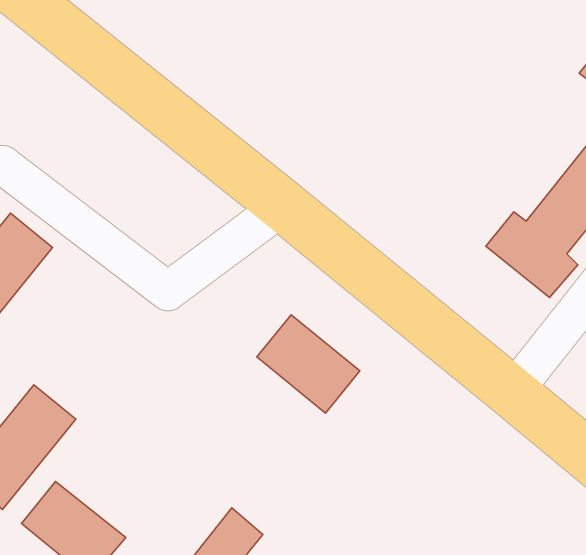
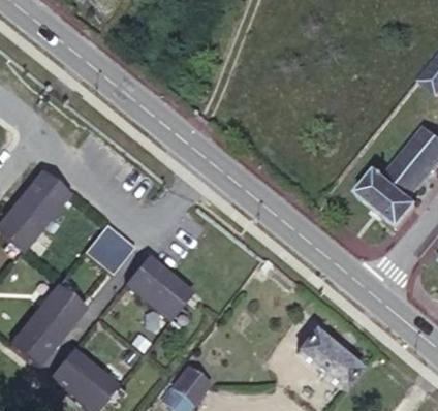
building: none -> [85,223,135,274]
building: [257,315,360,413] -> [125,255,193,320]
building: none -> [298,329,362,389]

